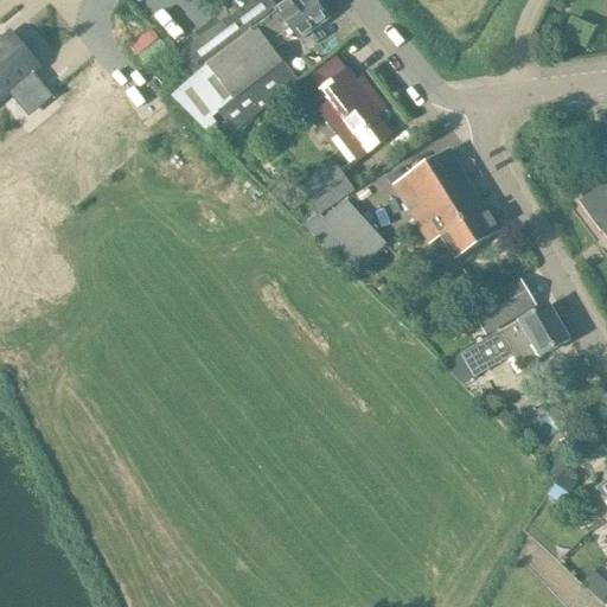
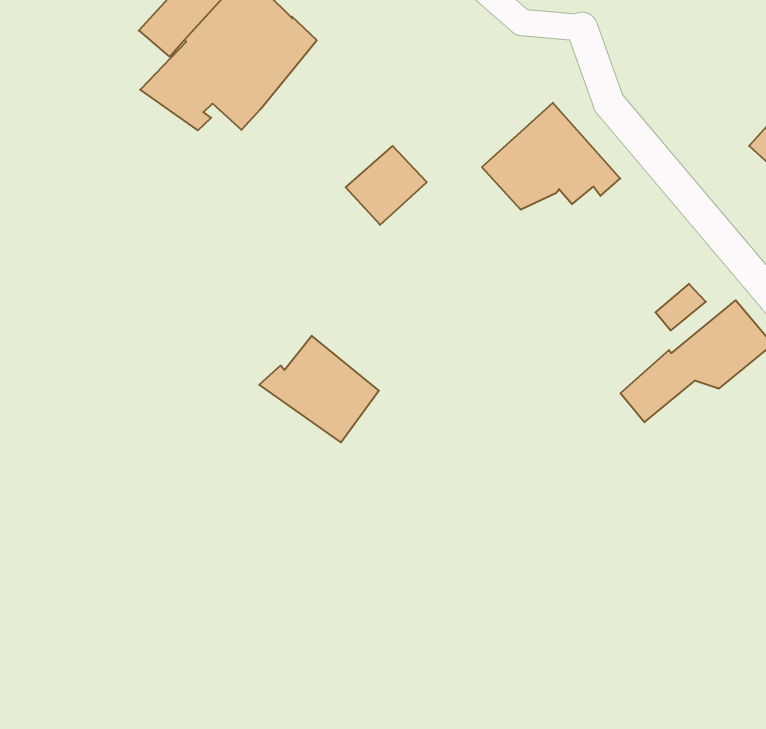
building: [317,66,391,159] -> none
building: [302,196,383,271] -> [259,336,379,442]
building: [409,207,499,256] -> none

